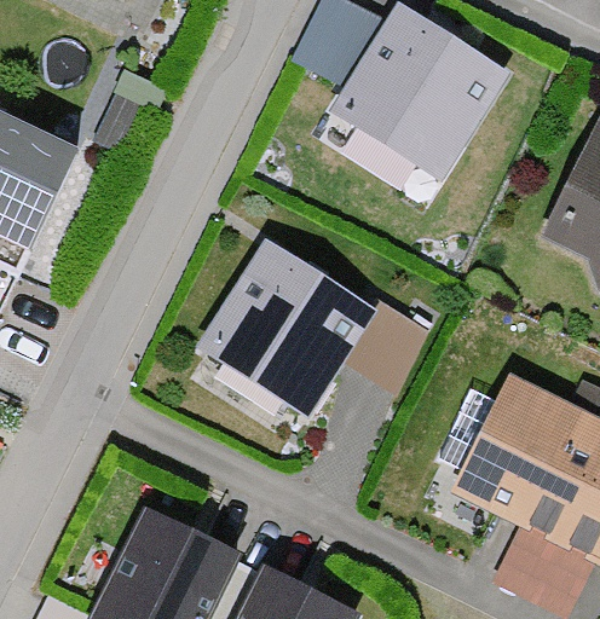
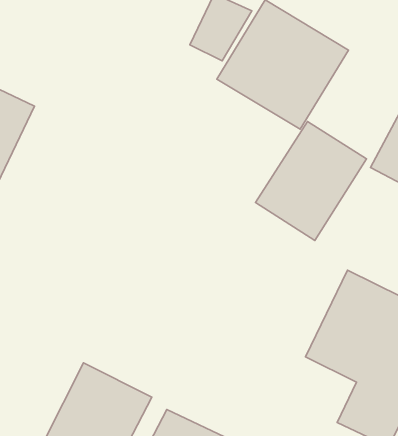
building: none -> [255,121,367,240]
building: [212,244,375,405] -> none

